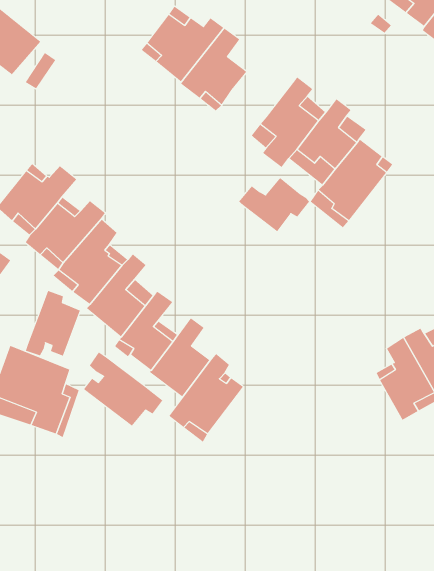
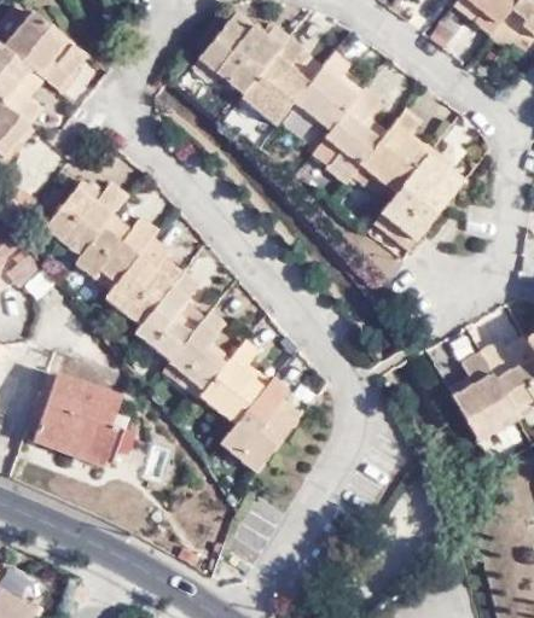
building: none -> [290,54,355,130]
building: [238,177,310,232] -> none
building: [25,290,80,357] -> none
building: [83,352,163,426] -> none

